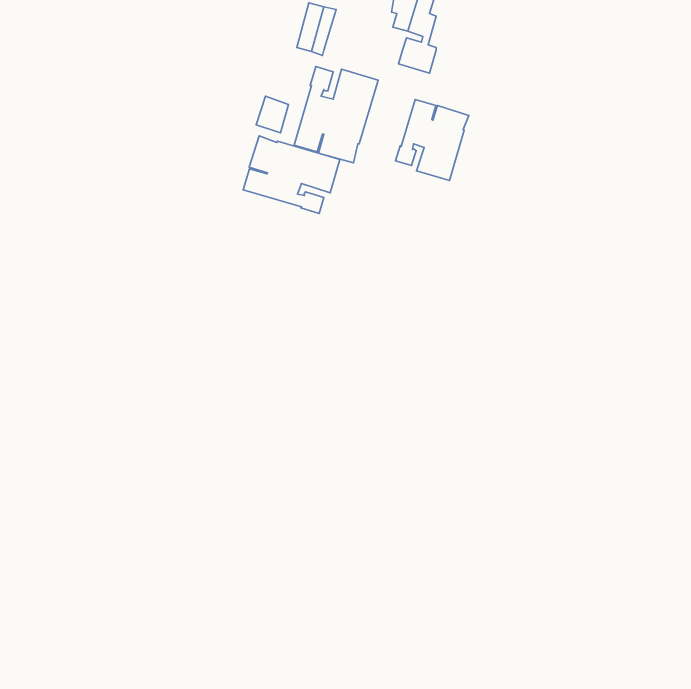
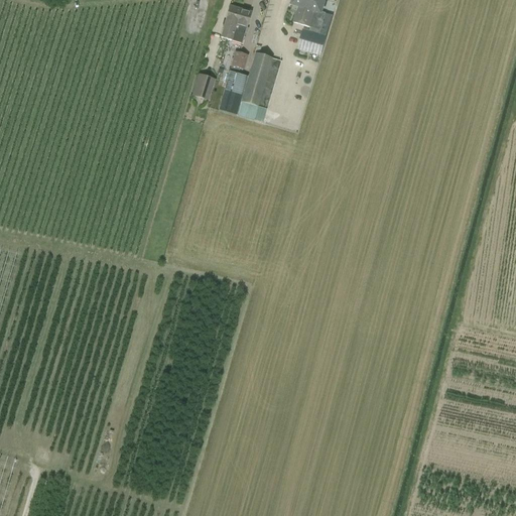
building: [396,99,469,181] -> none
building: [243,136,340,214] -> none

